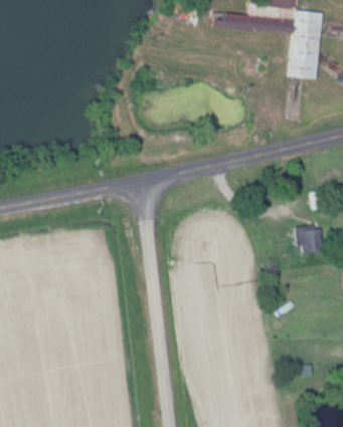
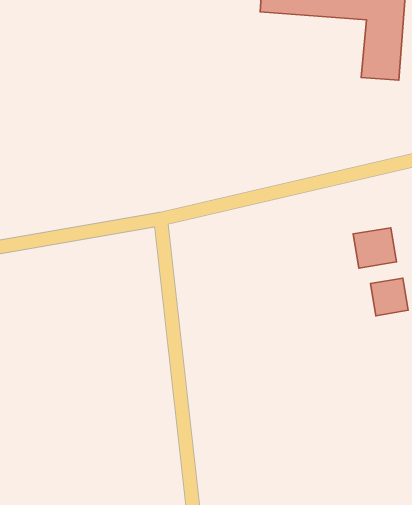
building: none -> [353,228,396,268]

